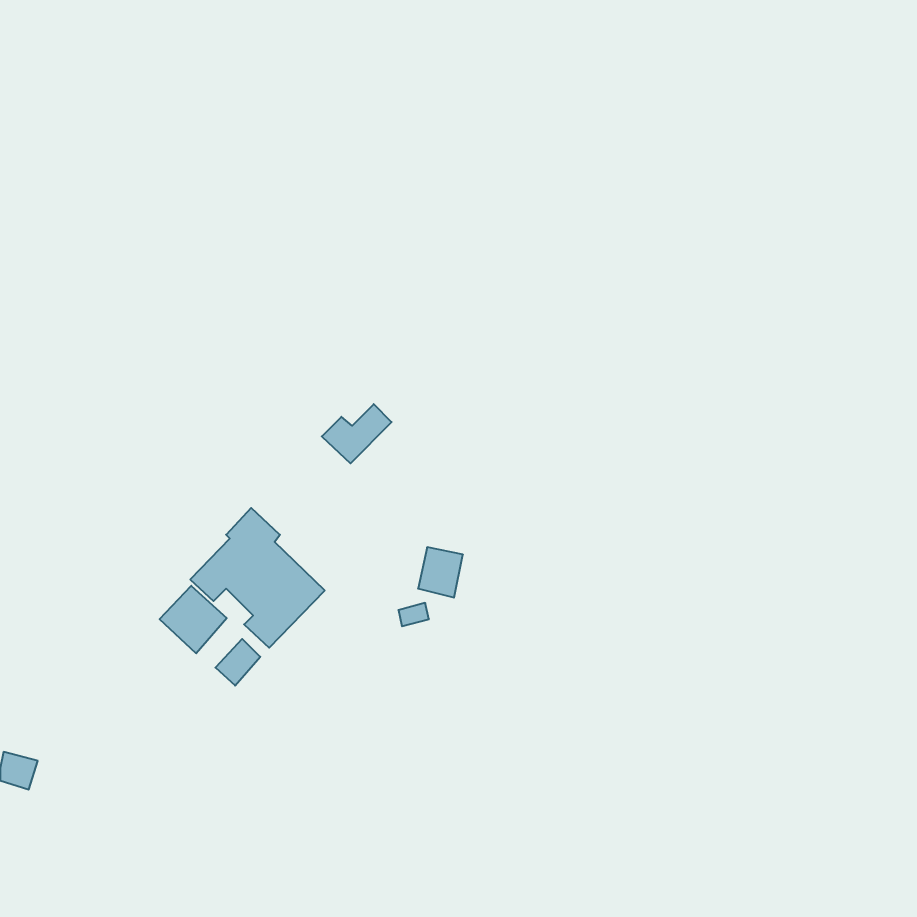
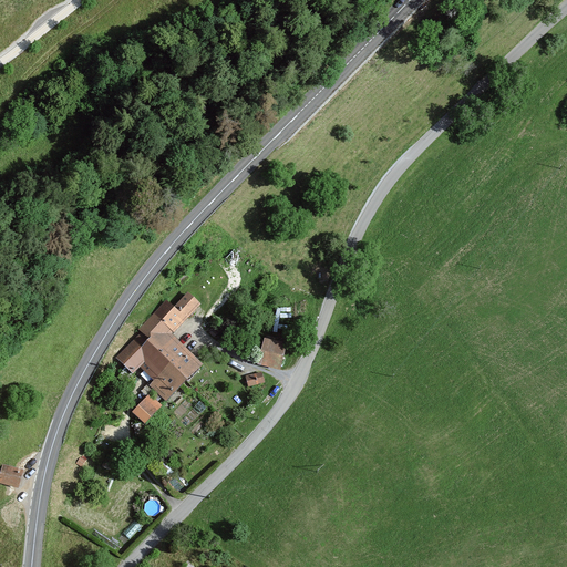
building: [322,404,392,463] -> [155,293,198,330]
building: [160,586,227,653] -> none

